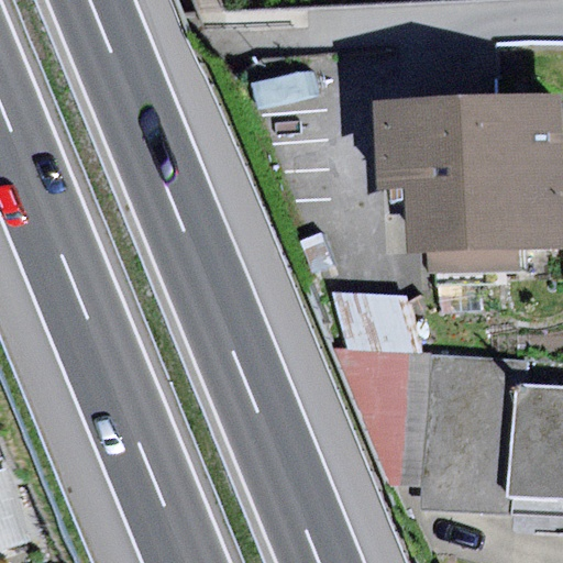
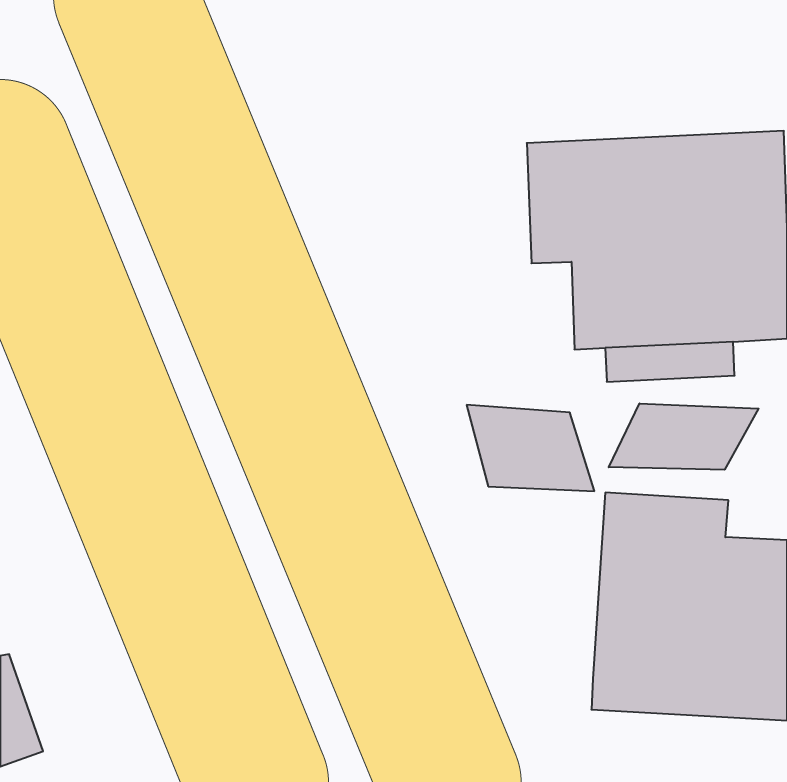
building: none -> [609,403,759,470]
building: [336,347,432,485] -> none

